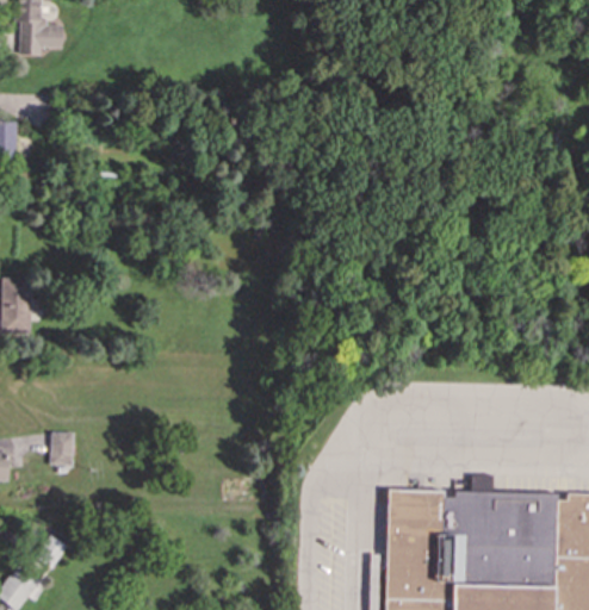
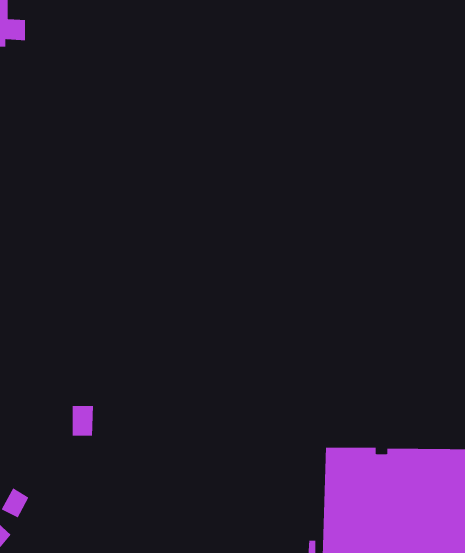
building: [50,432,74,466] -> [72,406,94,436]

